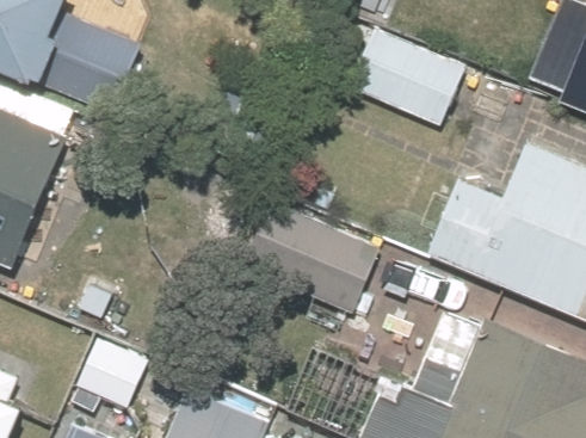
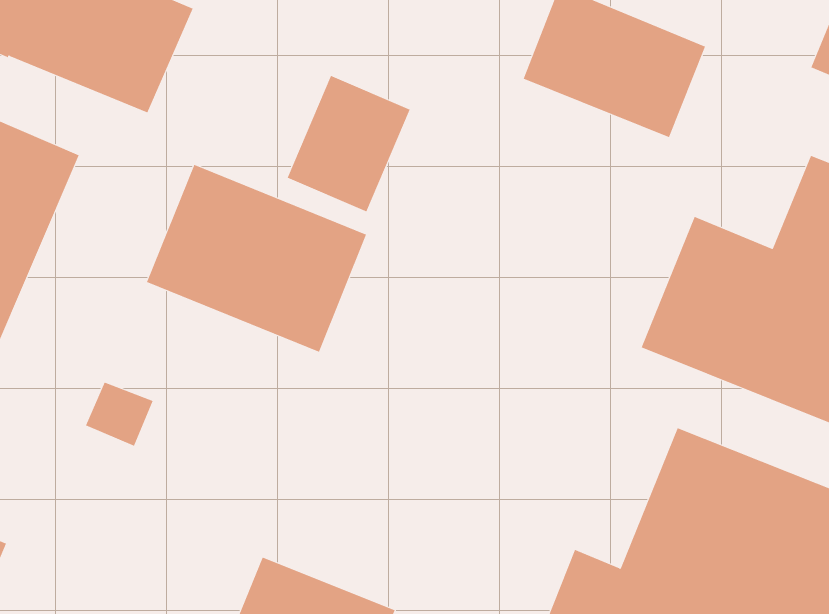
building: [240,202,378,320] -> [146,164,367,353]

